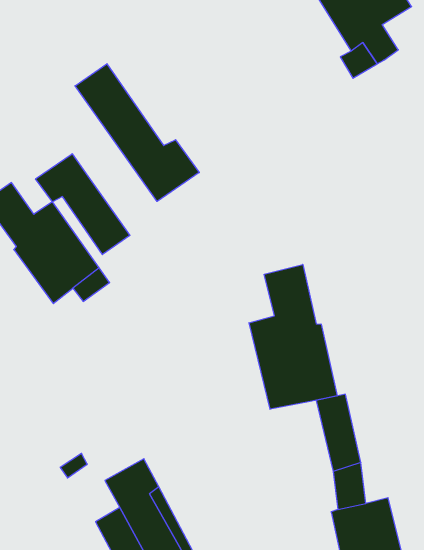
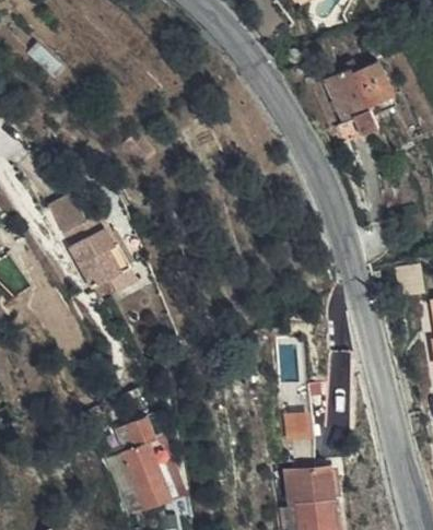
building: [75,64,199,201] -> none
building: [36,154,130,255] -> none
building: [249,264,337,409] -> none

